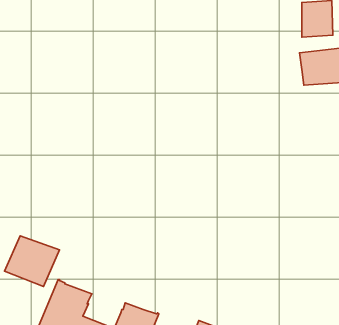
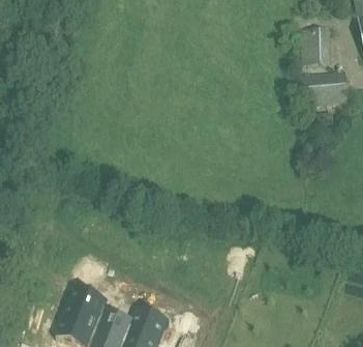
building: [5,236,60,287] -> none

